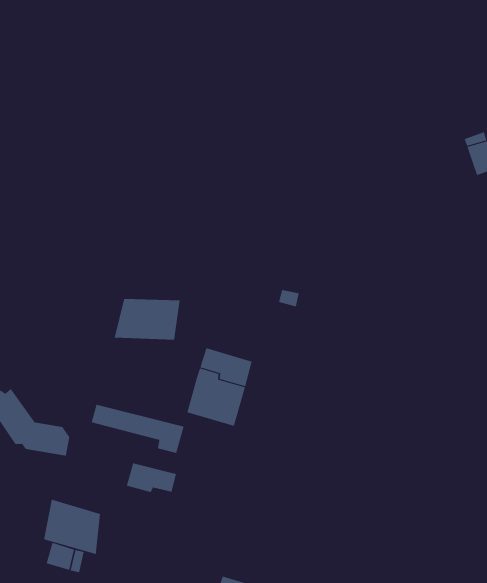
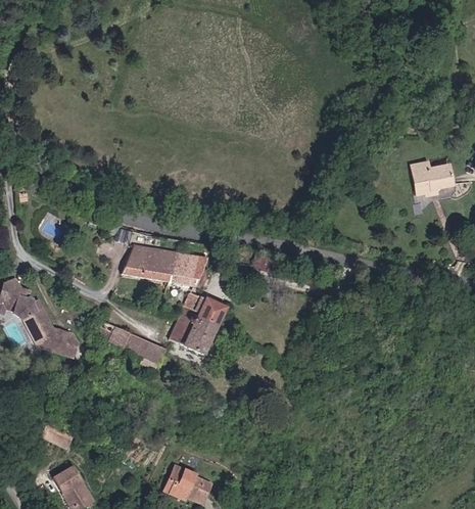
building: none -> [169,252,207,286]
building: [126,463,176,493] -> none
building: [44,499,100,555] -> none

